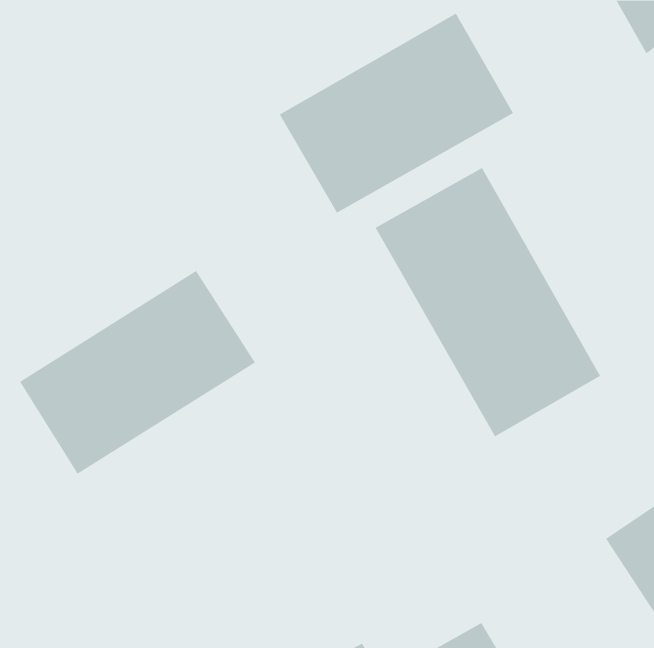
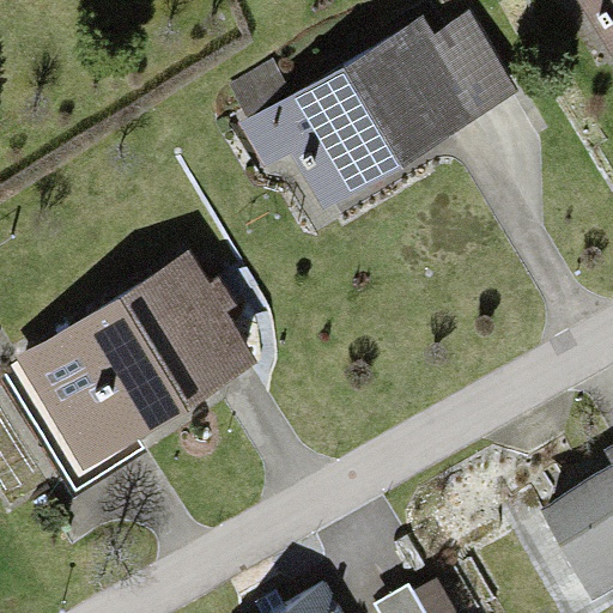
building: [375,167,601,437] -> none

